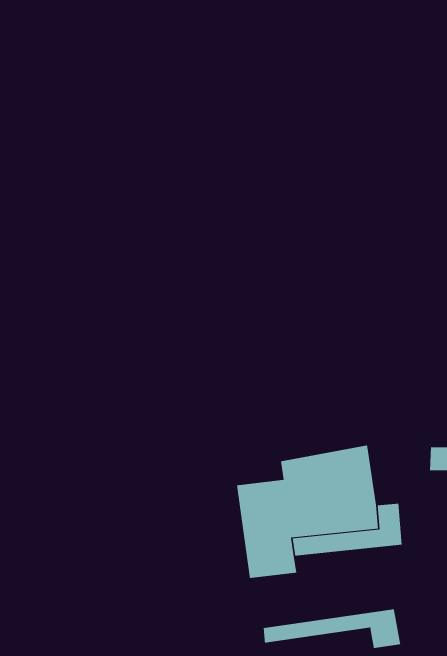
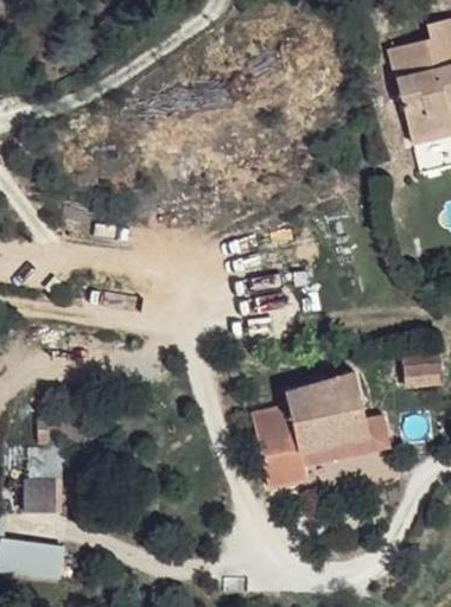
building: [263,609,401,649] -> none

